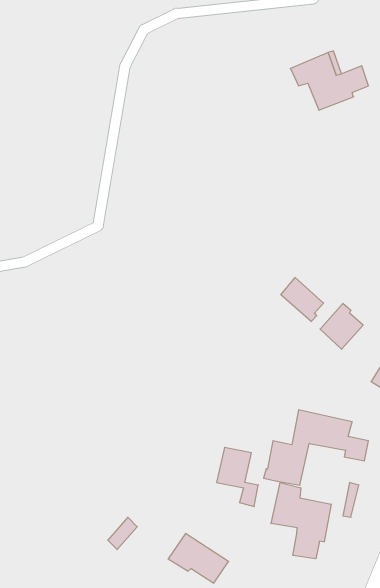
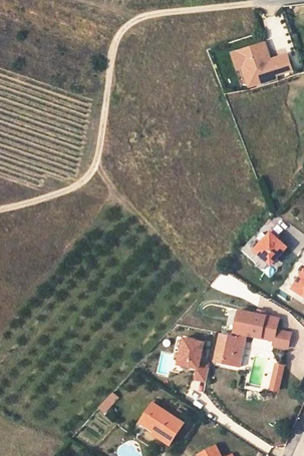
building: [281,278,324,322] -> none
building: [271,483,331,559] -> none

